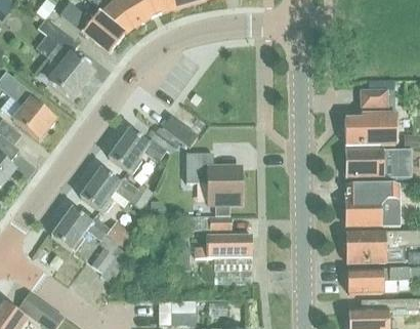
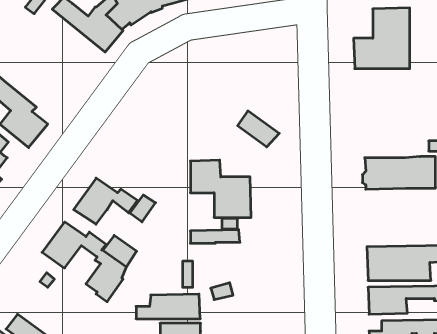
building: [38,20,93,99] -> none
building: [344,89,395,145] -> [354,8,410,69]
building: [164,114,202,147] -> [238,111,279,147]
building: [109,125,168,174] -> none
building: [345,184,400,227] -> none
building: [195,233,253,255] -> [136,294,200,319]

